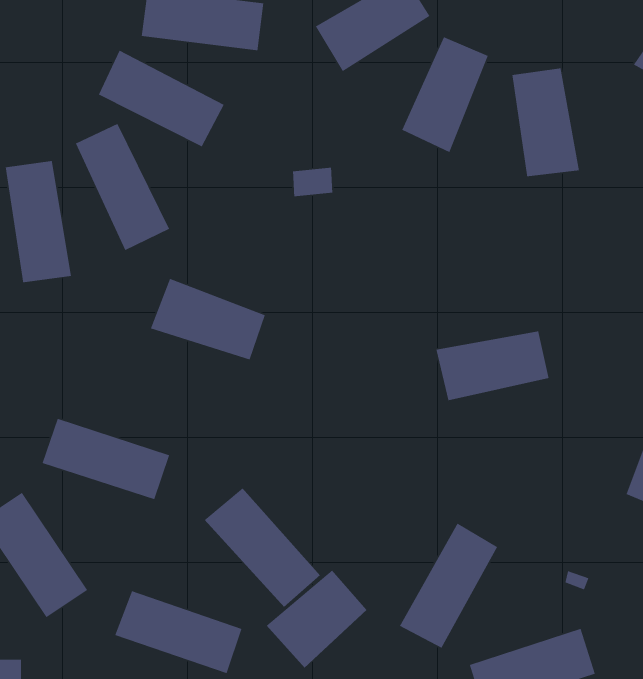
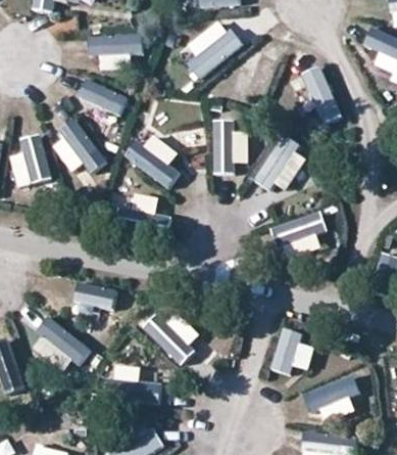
building: none -> [207,126,240,185]
building: none -> [130,137,192,193]
building: none -> [248,146,305,209]
building: [266,570,367,669] -> none

